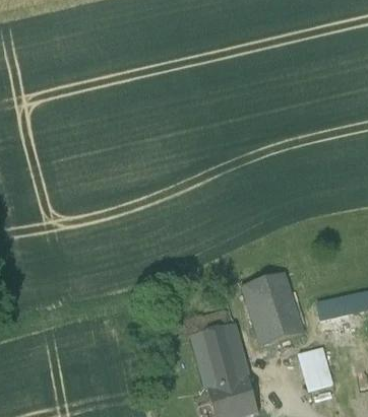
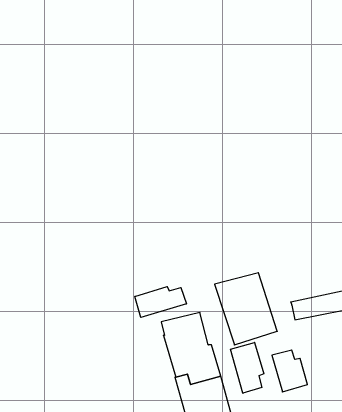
building: none -> [135,287,186,317]
building: none -> [230,342,264,393]

